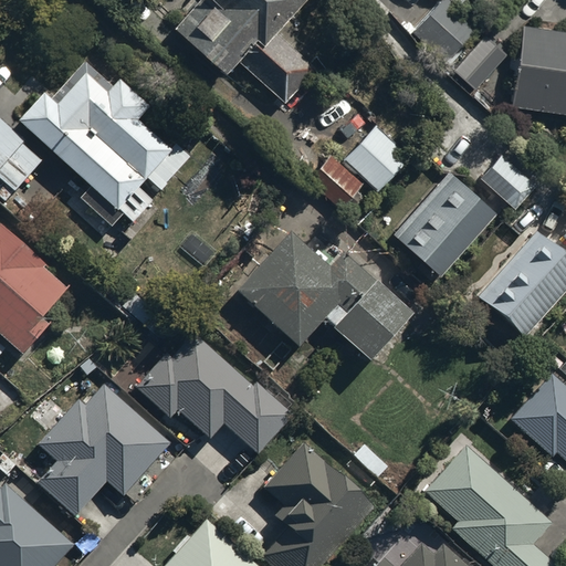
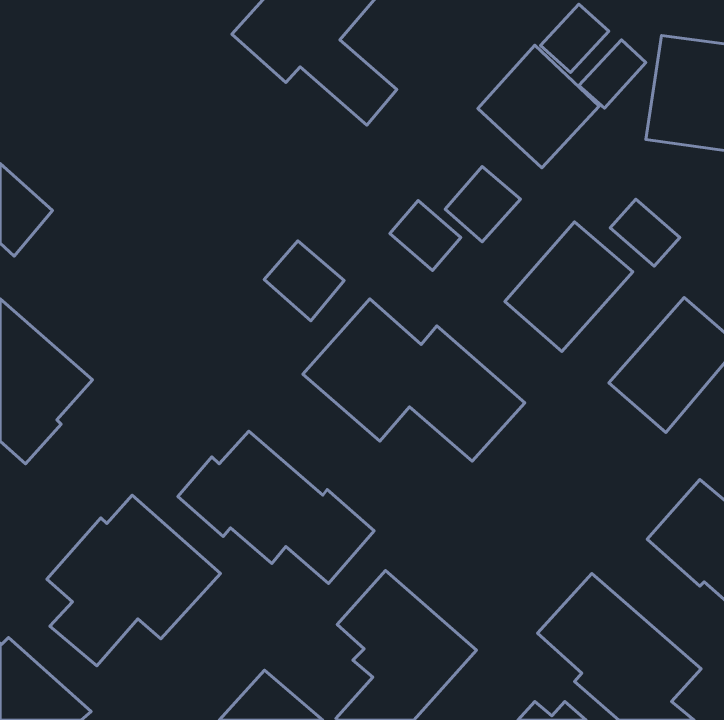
building: none -> [478,45,599,168]
building: [20,85,174,231] -> none
building: none -> [264,241,344,321]

